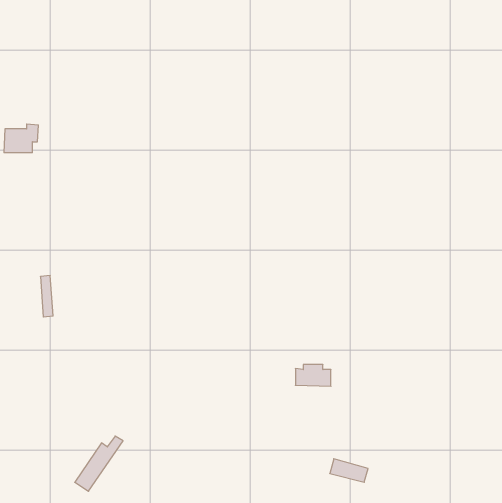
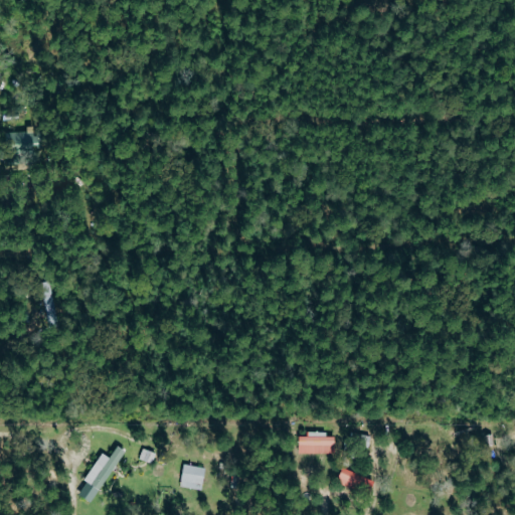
building: [295,365,331,386] -> [299,432,335,454]
building: none -> [180,464,205,490]

